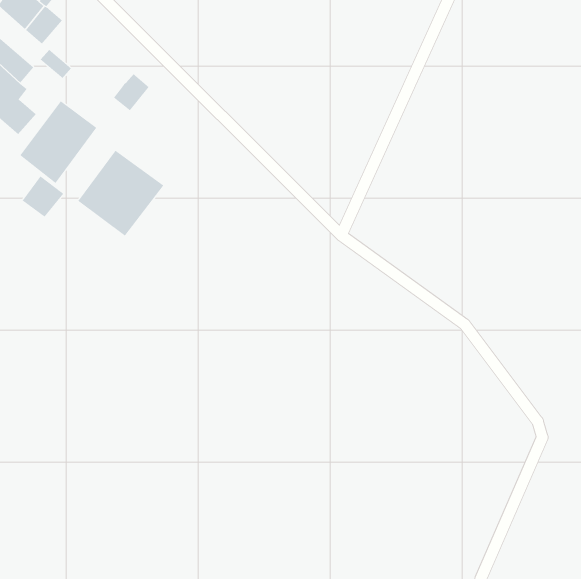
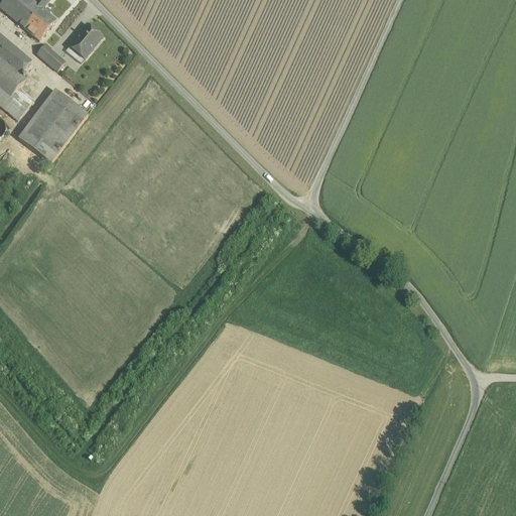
building: [113,73,150,111] -> [68,23,100,56]
building: [77,150,164,237] -> none
building: [22,176,64,218] -> none

